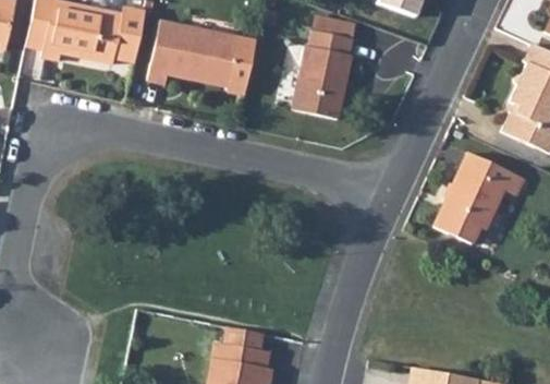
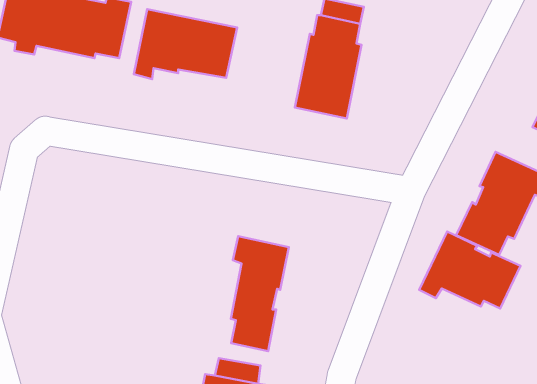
building: none -> [419,231,521,308]
building: none -> [231,236,289,351]

